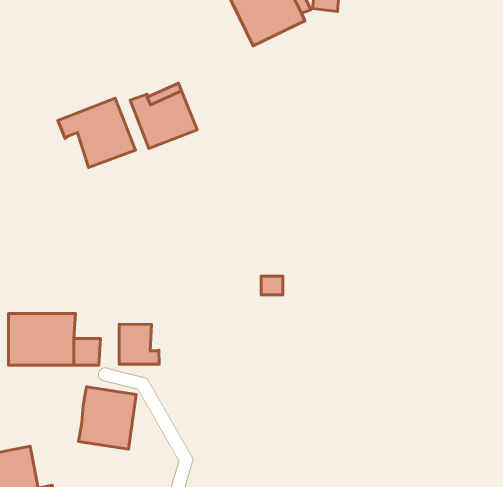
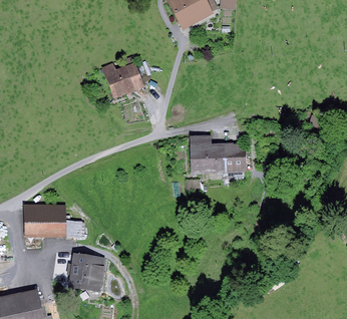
building: [58,98,135,168] -> none
building: none -> [190,134,247,174]
building: [119,324,159,364] -> none

